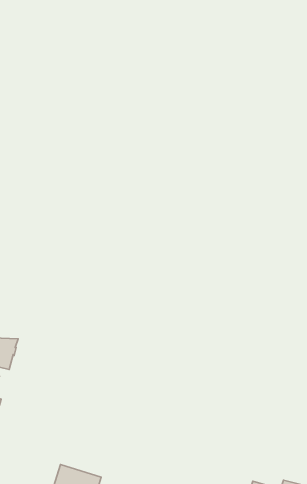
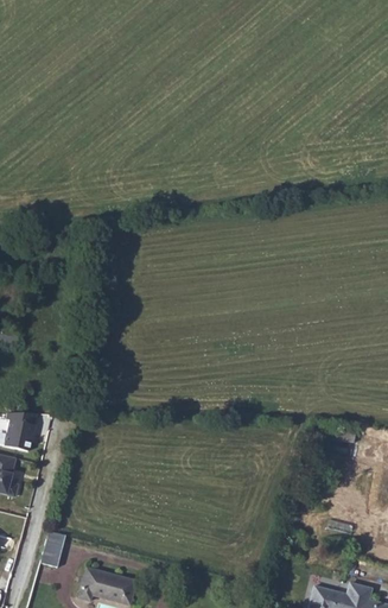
building: none -> [40,531,66,569]

